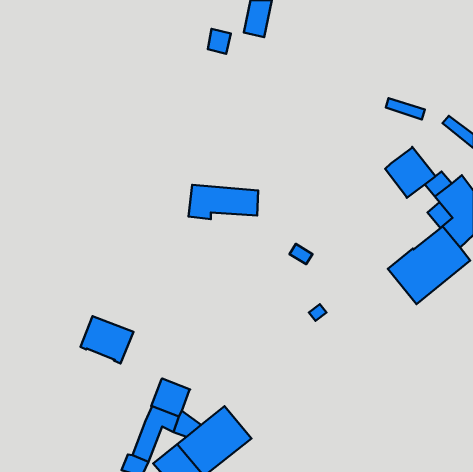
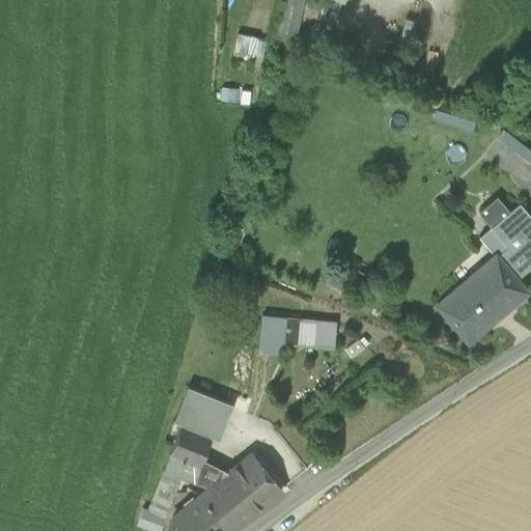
building: [385,147,435,198] -> none
building: [189,185,258,219] -> [258,315,336,354]
building: [80,316,133,363] -> [175,389,234,442]

